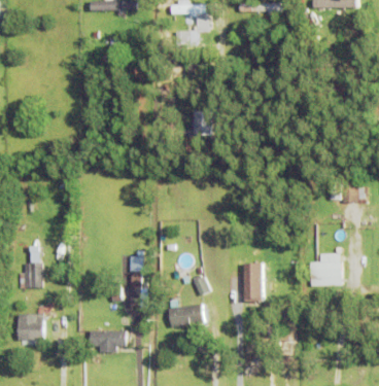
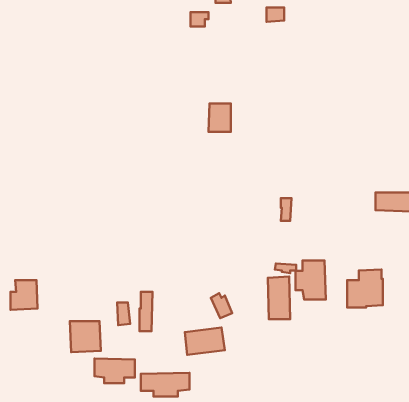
building: none -> [295,260,326,300]
building: [19,315,45,342] -> [70,321,101,352]
building: none -> [141,373,189,396]

